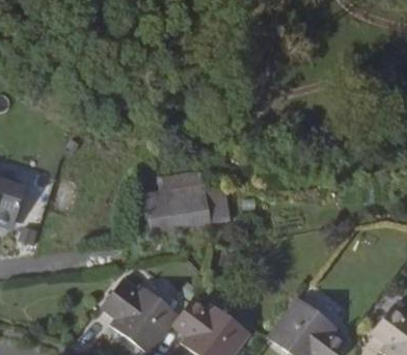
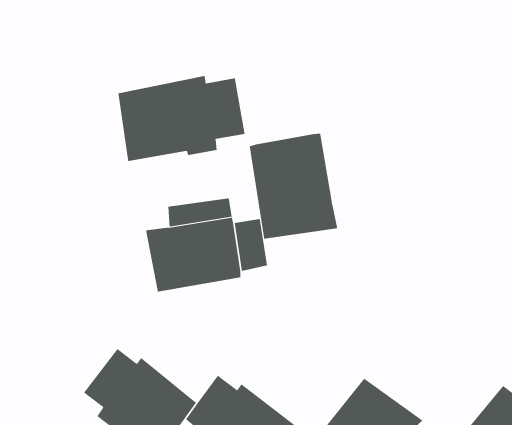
building: none -> [118,75,245,162]
building: none -> [249,133,338,240]

